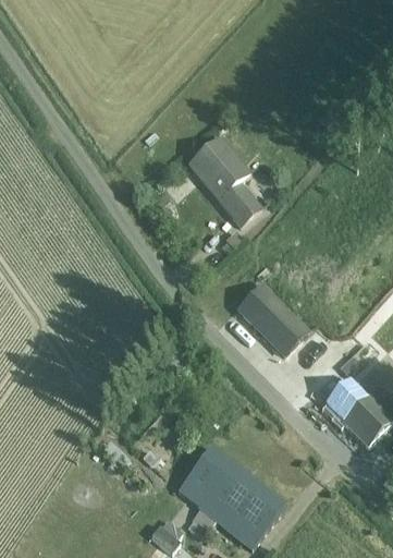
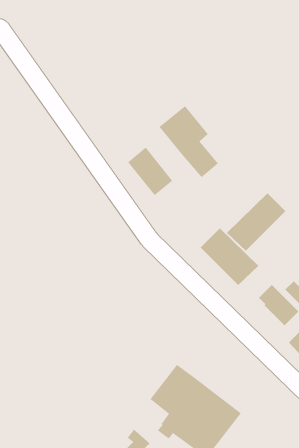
building: none -> [127,146,173,196]
building: none -> [226,193,286,251]

